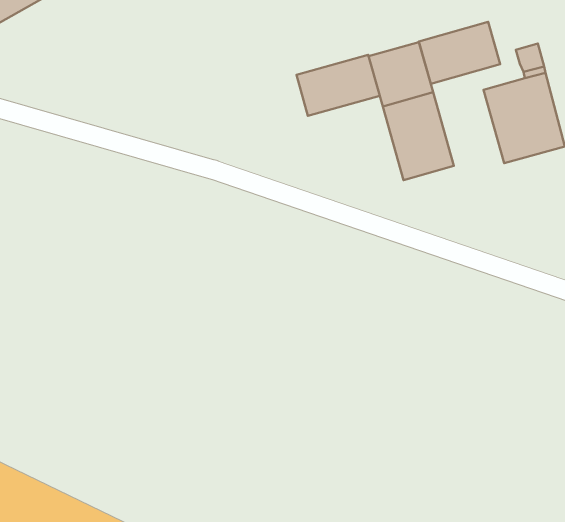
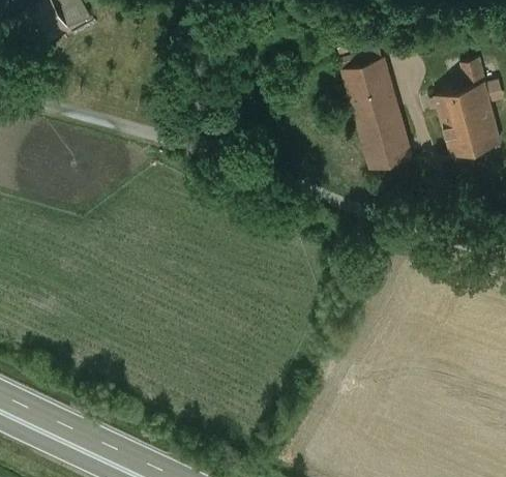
building: [419,22,500,84] -> none
building: [296,55,380,116] -> none

